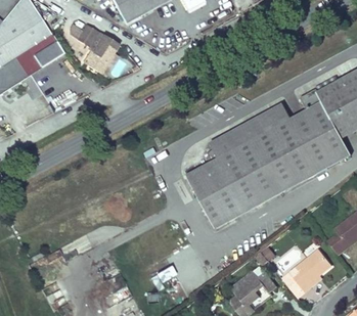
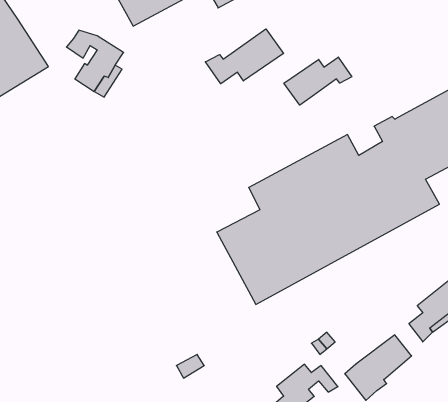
building: none -> [205,29,284,84]
building: none -> [284,57,352,105]

